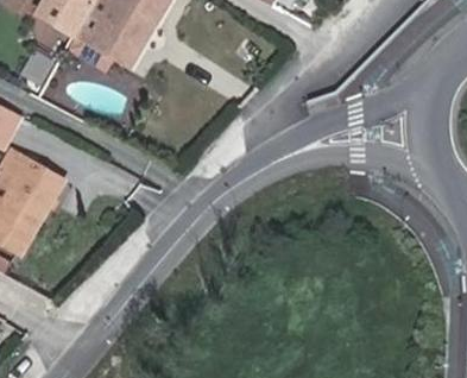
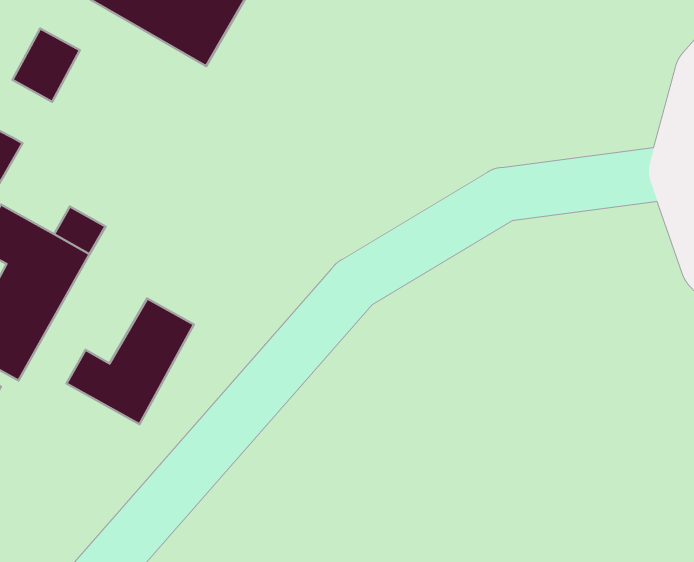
building: none -> [67,298,194,424]

